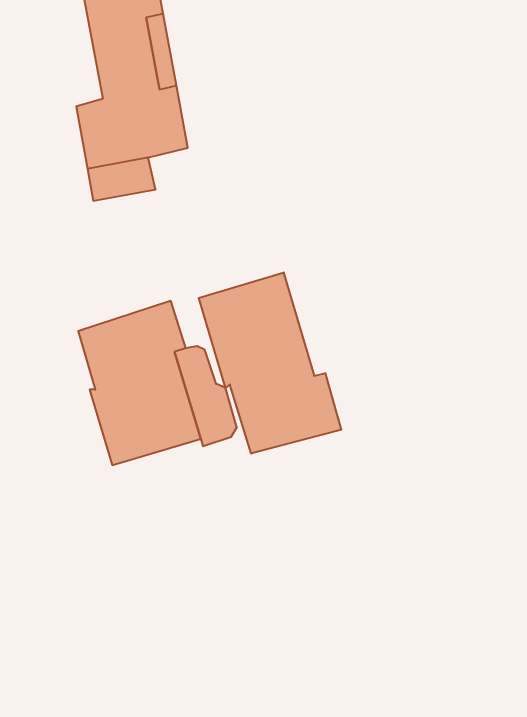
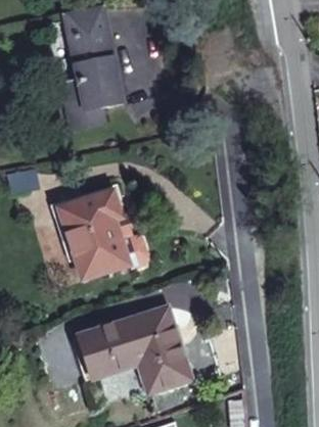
building: [199,272,341,454] -> none
building: none -> [79,305,190,390]

